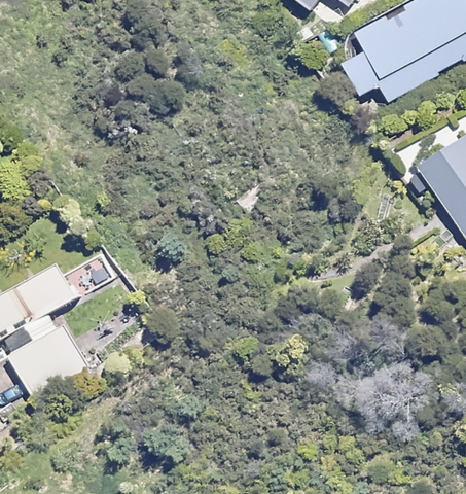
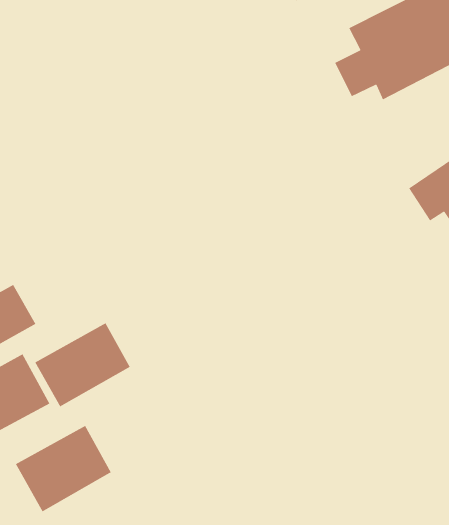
building: none -> [34,322,131,407]
building: none -> [15,425,112,512]

